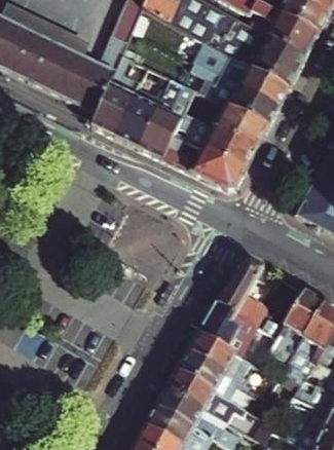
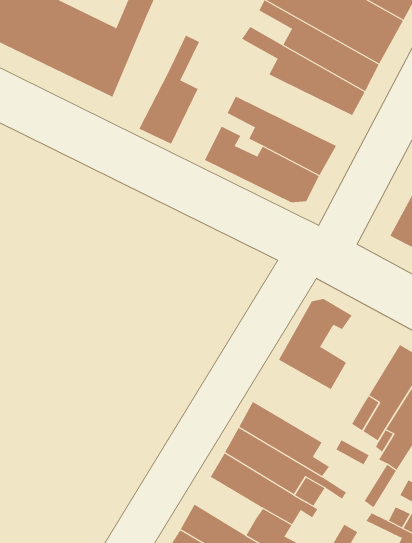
building: [92,53,137,135] -> none
building: [140,77,184,157] -> none
building: [186,98,270,147] -> none
building: [198,301,255,353] -> none
building: [156,385,206,427] -> none

